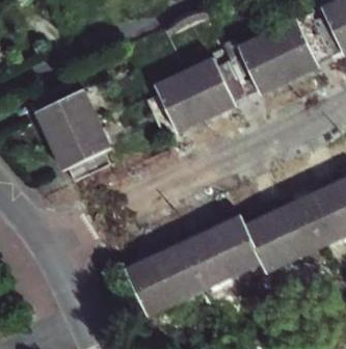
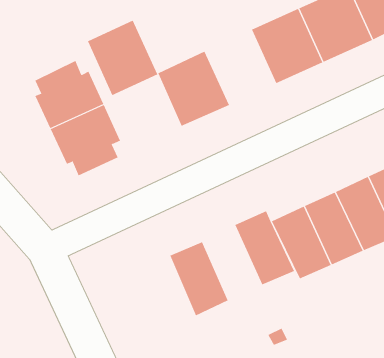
building: [186,52,248,118] -> [87,20,158,96]
building: [184,223,236,290] -> none
building: [125,250,178,317] -> none

